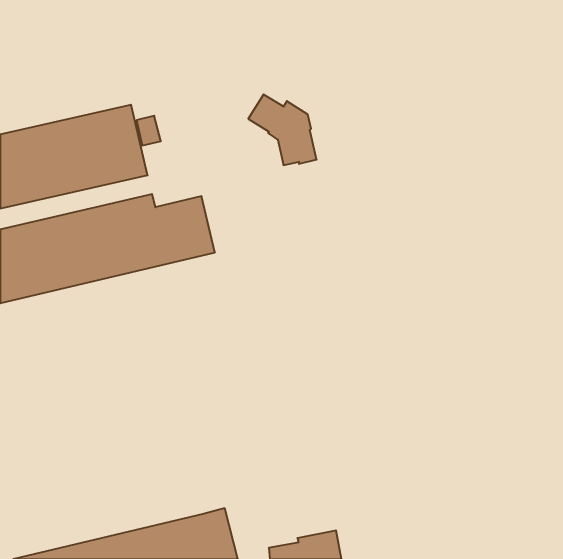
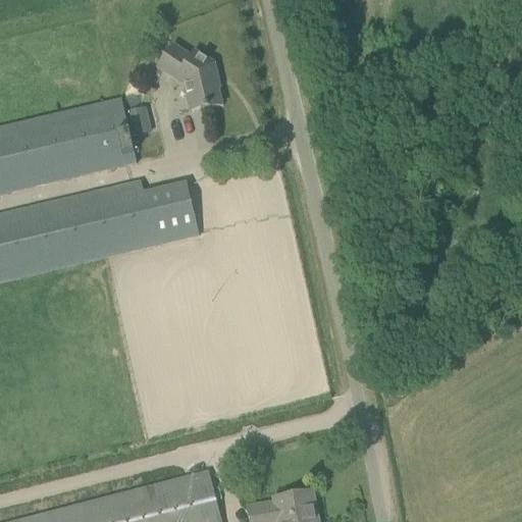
building: [248,94,317,165] -> [158,44,221,109]

